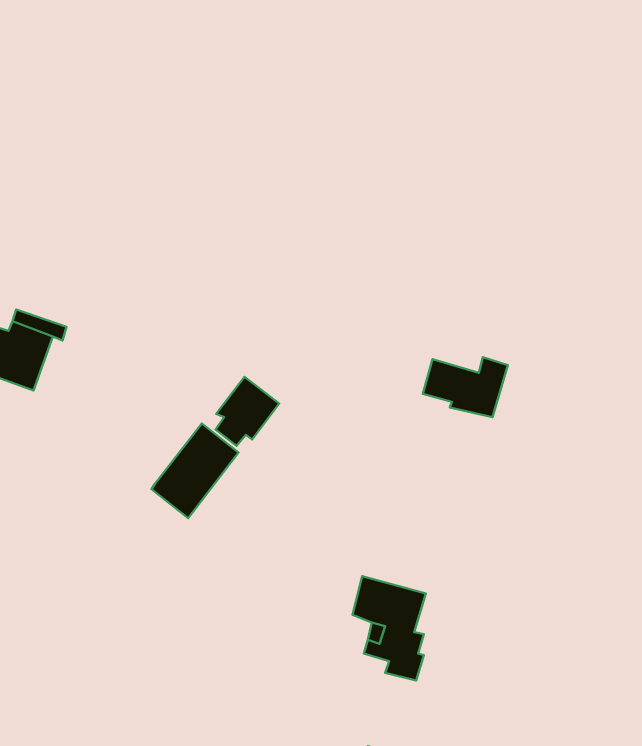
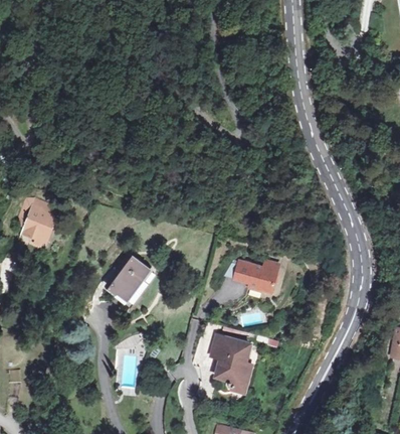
building: [423,357,508,417] -> [235,260,279,291]
building: [215,377,279,446] -> none

